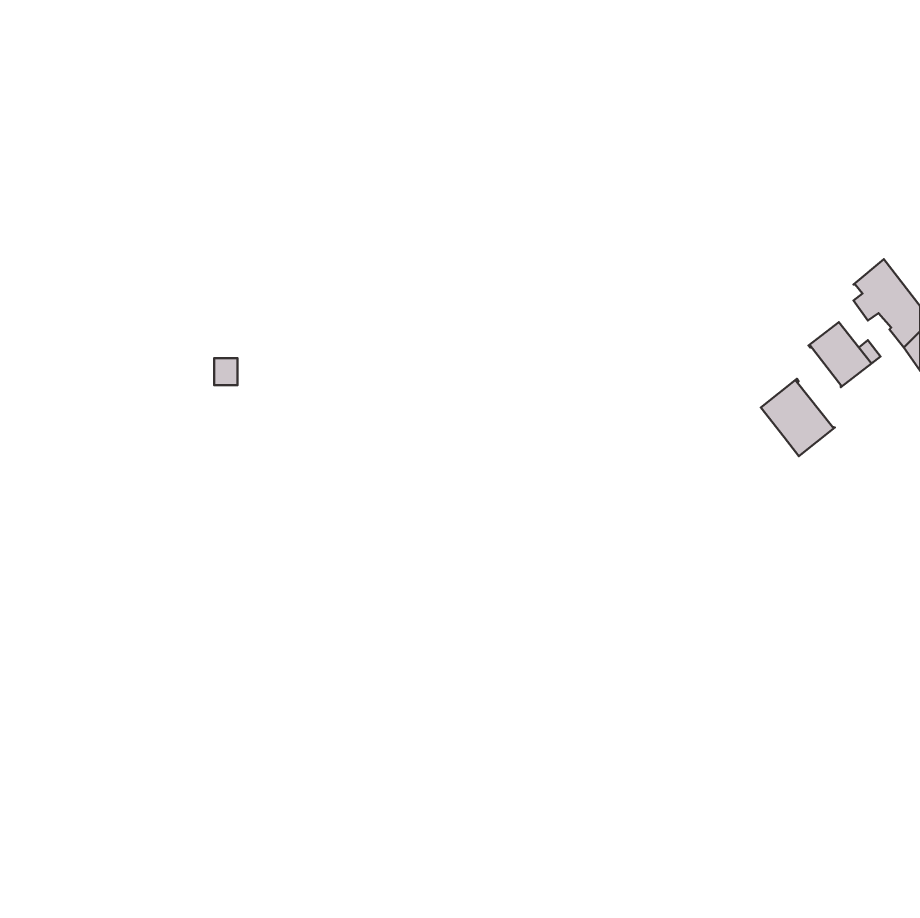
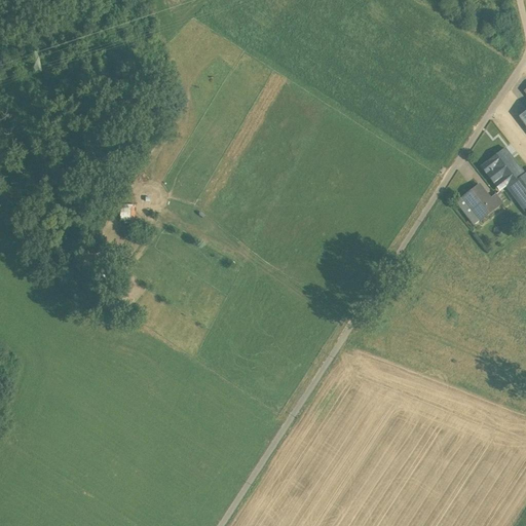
building: [761,379,835,456] -> none

